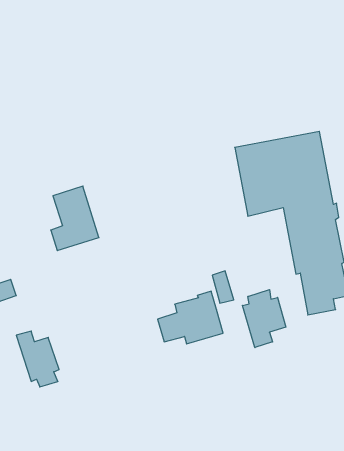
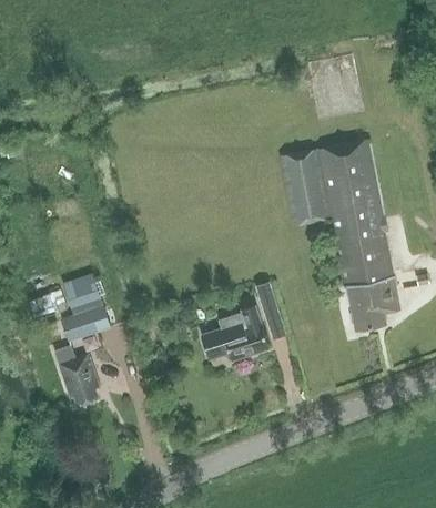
building: [51,186,99,251] -> [61,274,111,341]
building: [242,290,286,348] -> none

